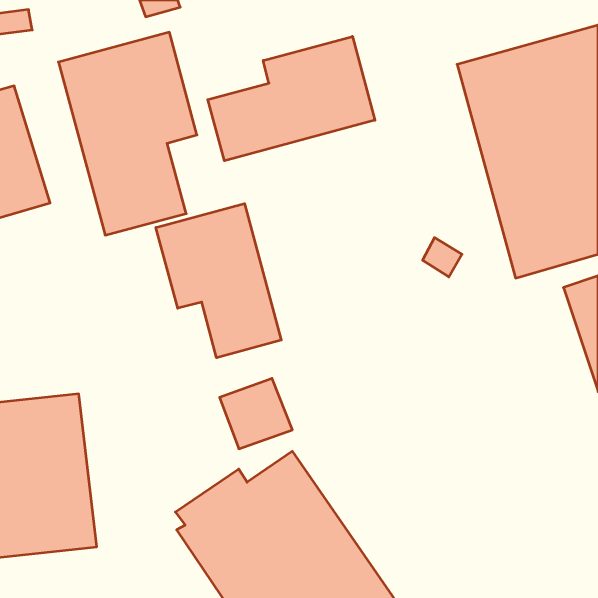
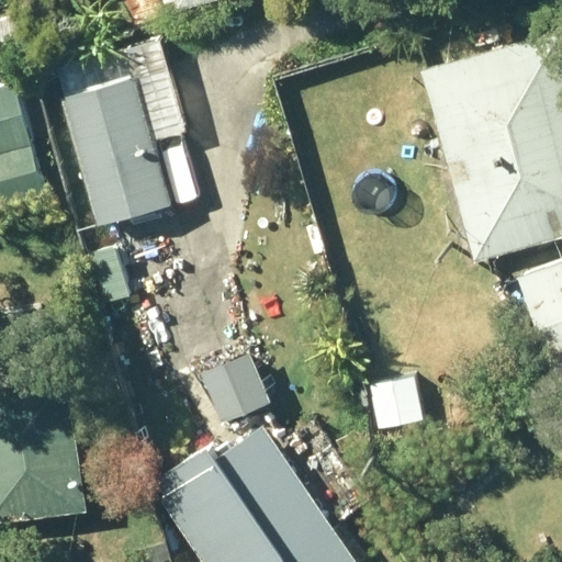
building: [208,36,375,161] -> none
building: [156,204,281,358] -> none

